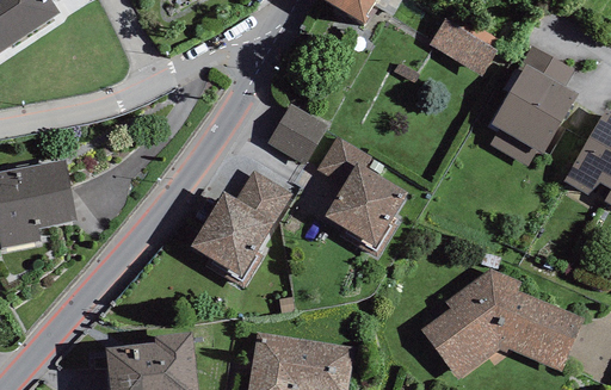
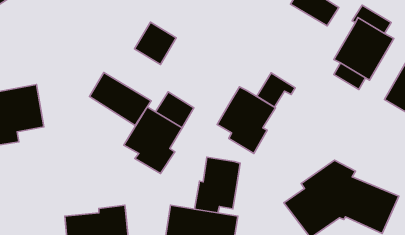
building: [267,104,327,165] -> [135,22,176,65]
building: [316,136,371,185] -> [257,73,295,107]
building: none -> [90,72,151,126]
building: none -> [194,157,240,213]

